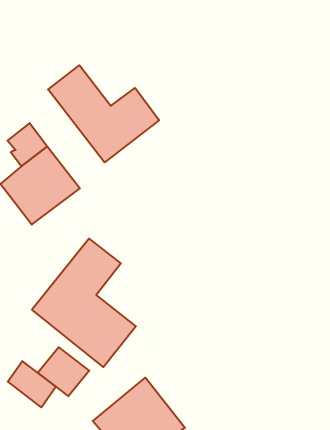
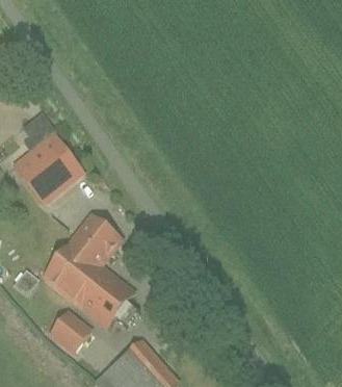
building: [48,65,159,162] -> none
building: [8,361,56,407] -> none

